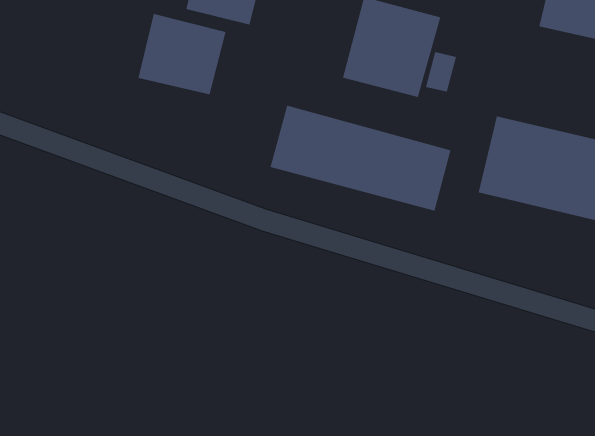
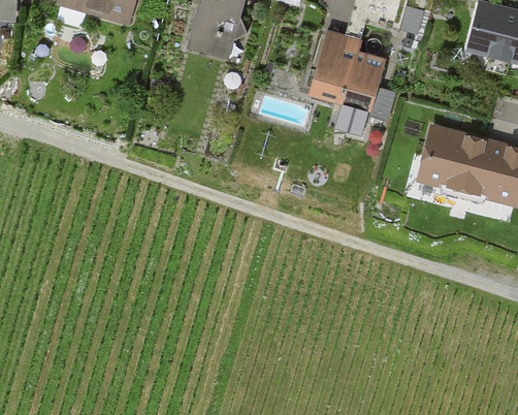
building: [138,13,226,95] -> none
building: [270,105,451,211] -> none

